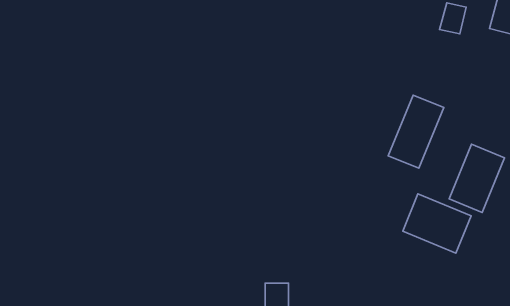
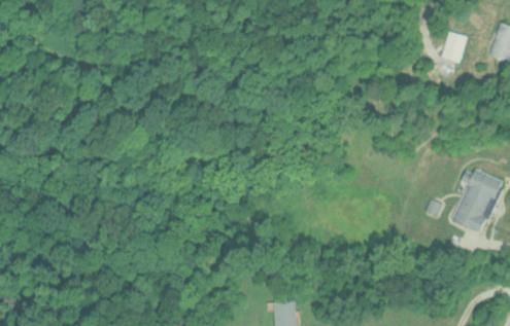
building: [388,95,444,168] -> none
building: [403,194,471,253] -> none

